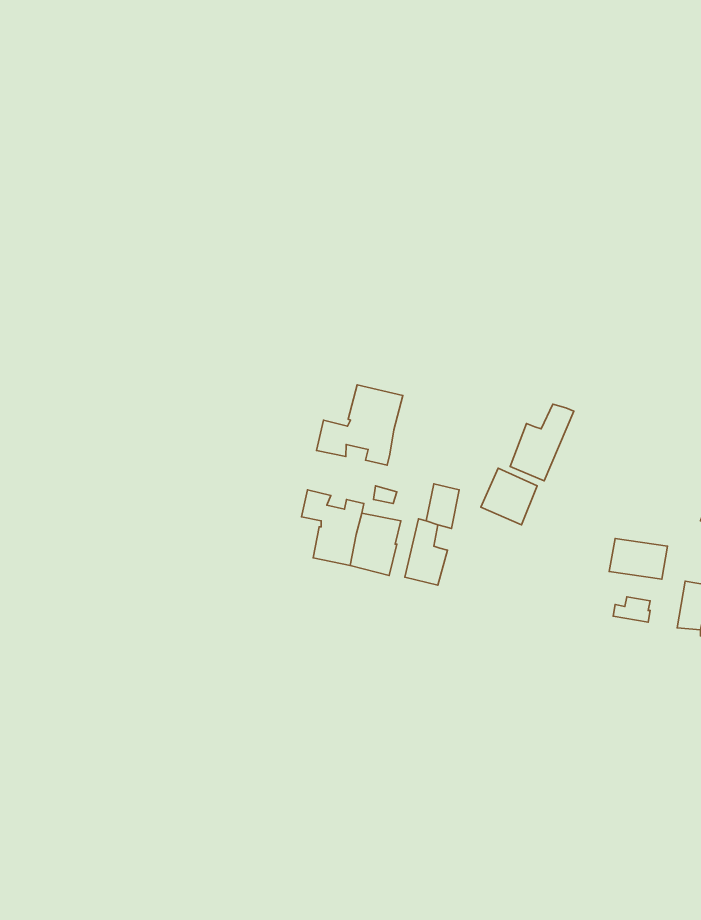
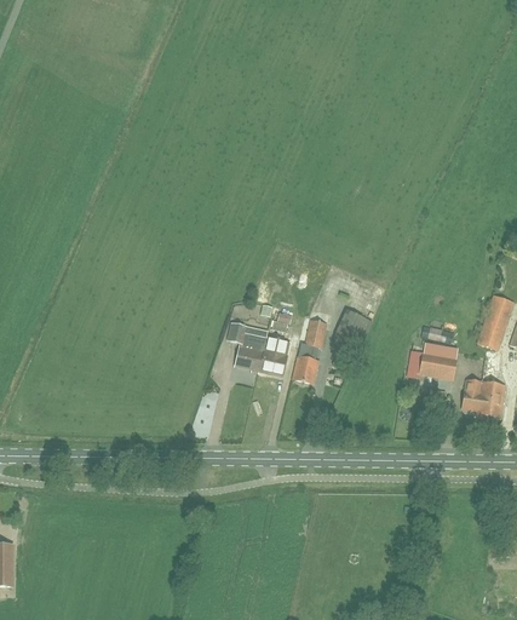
building: [316,385,403,465] -> none
building: [510,404,574,481] -> none

